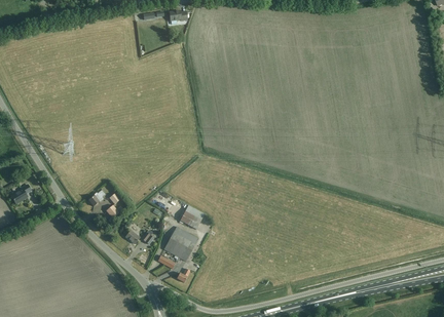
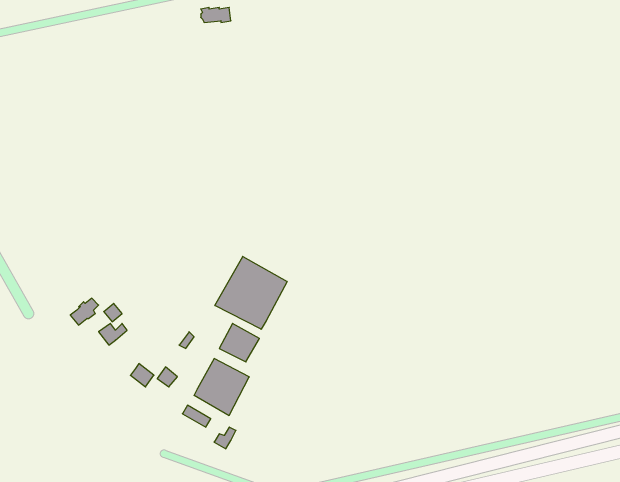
building: none -> [215,256,287,329]

